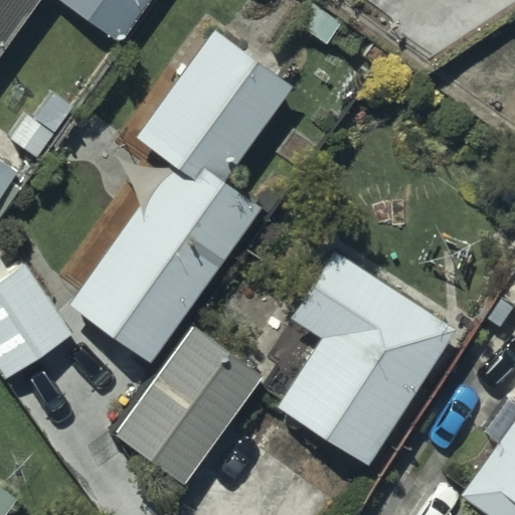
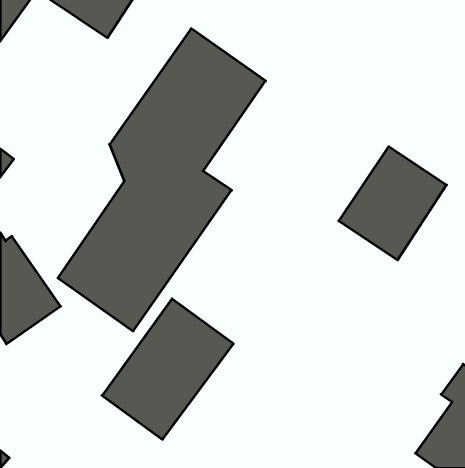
building: none -> [339,147,447,260]
building: [276,251,456,467] -> none

